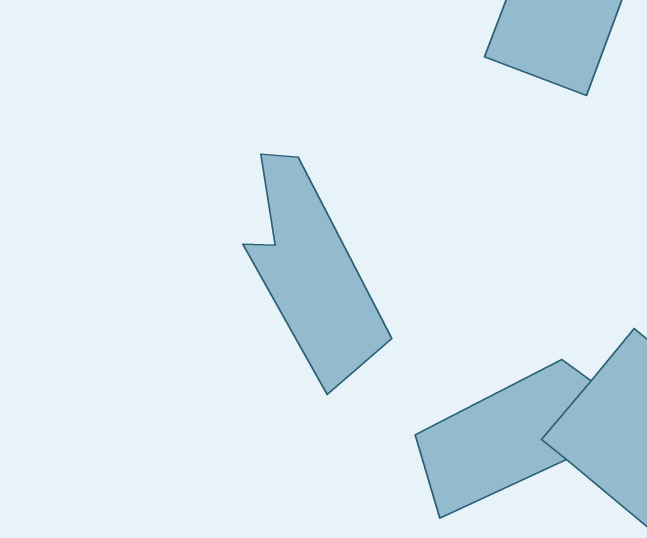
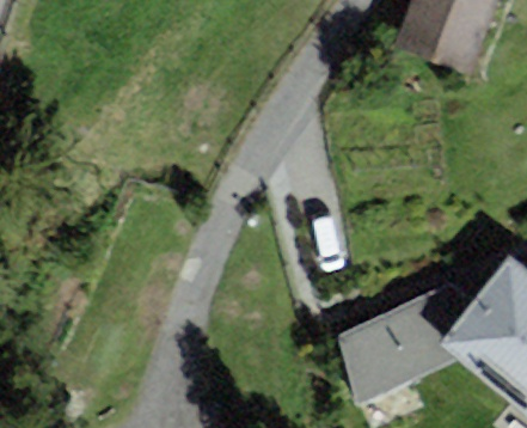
building: [243,154,392,395] -> none

